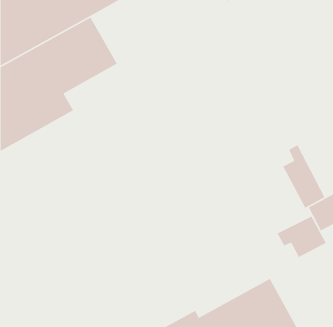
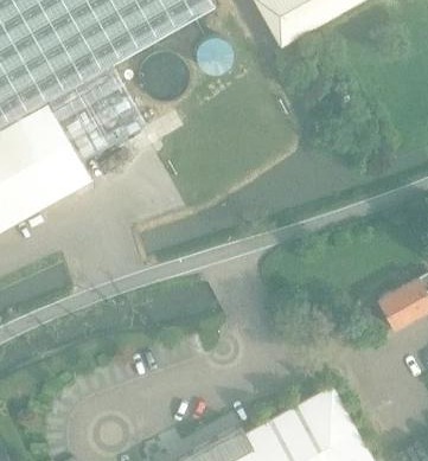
building: [282,144,326,209] -> none
building: [276,215,327,258] -> none

